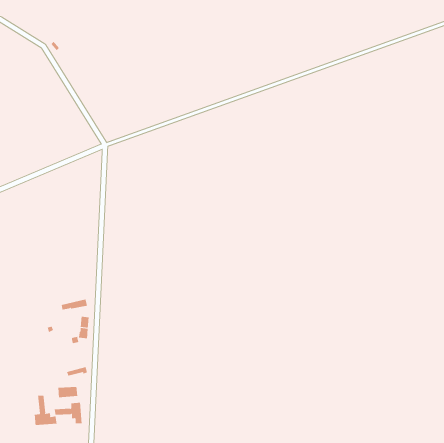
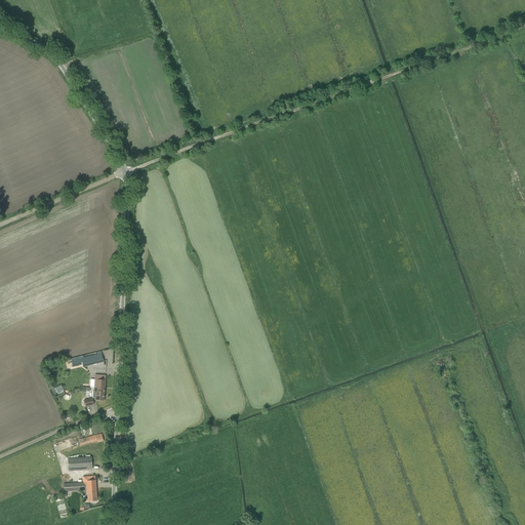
building: [34,395,57,426] -> none

